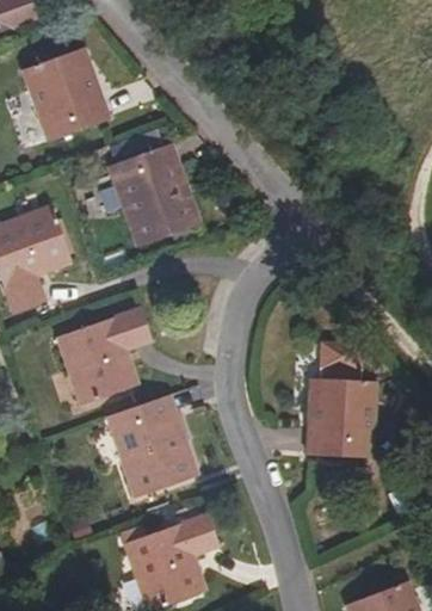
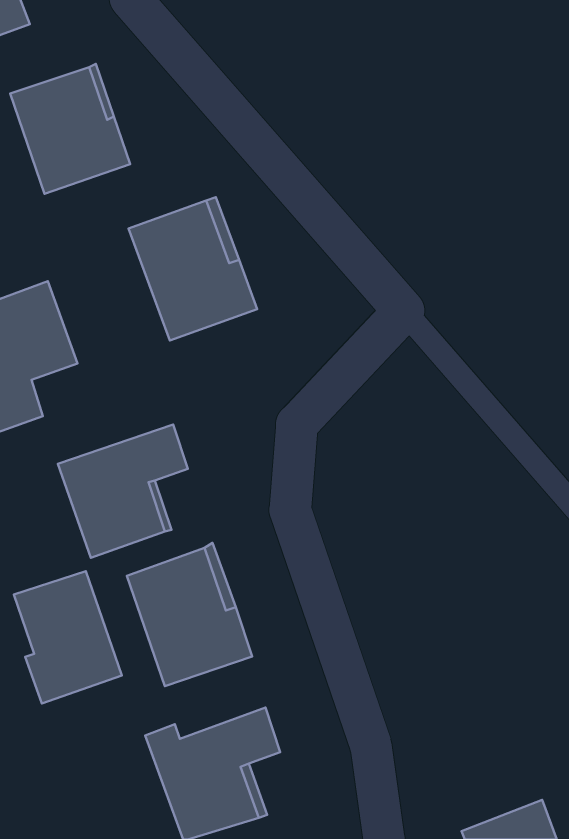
building: [306,342,376,457] -> none
building: none -> [14,571,122,703]

